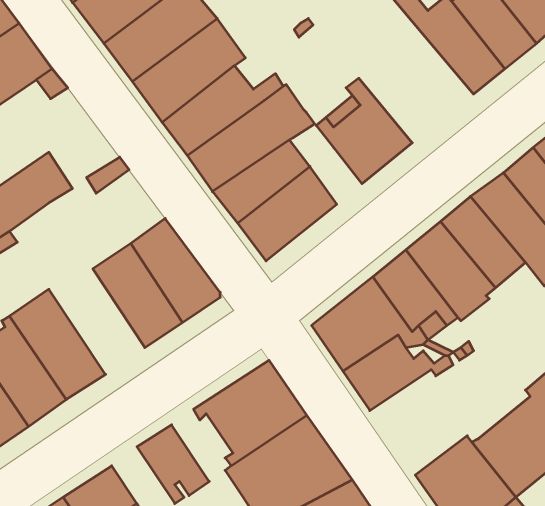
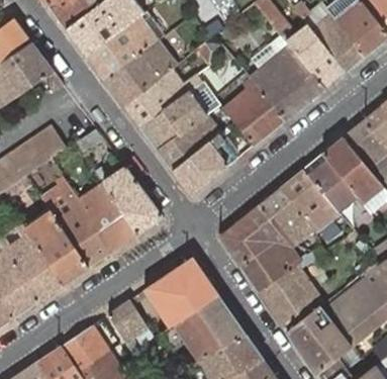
building: none -> [251,40,324,118]
building: none -> [42,182,113,267]
building: none -> [258,264,324,331]

